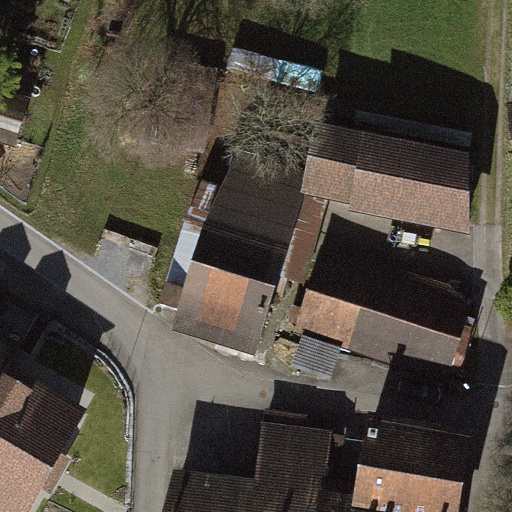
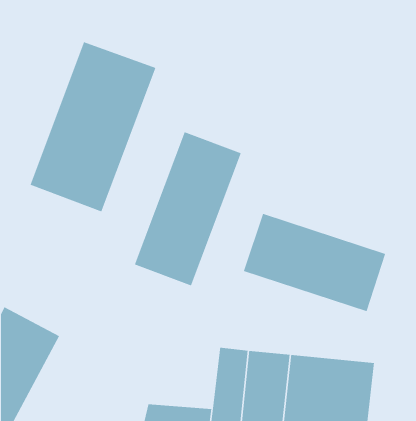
building: none -> [30,41,156,212]
building: [303,129,464,215] -> none

